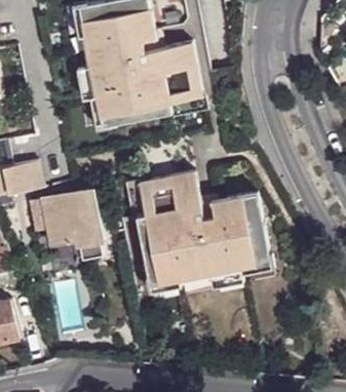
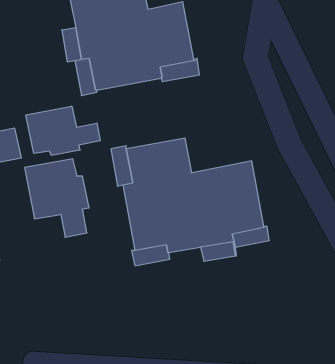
building: none -> [26,106,100,155]

